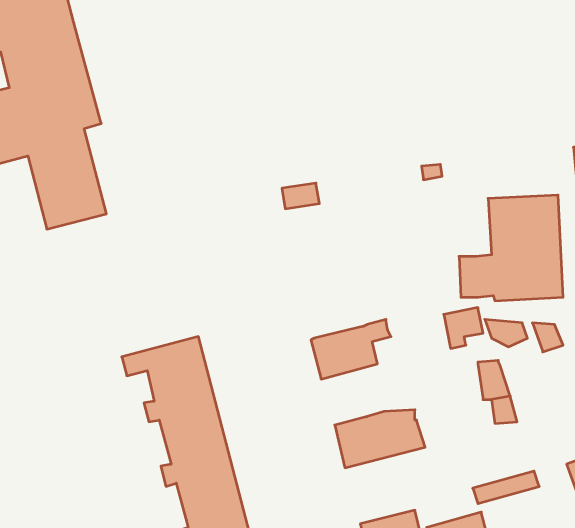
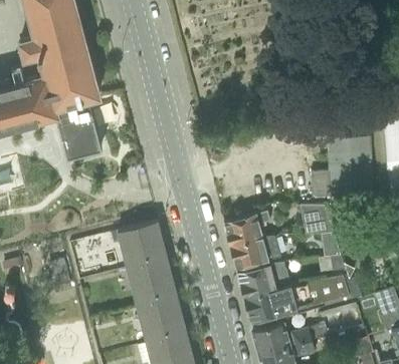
building: none -> [229,237,279,269]
building: none -> [243,276,350,323]

